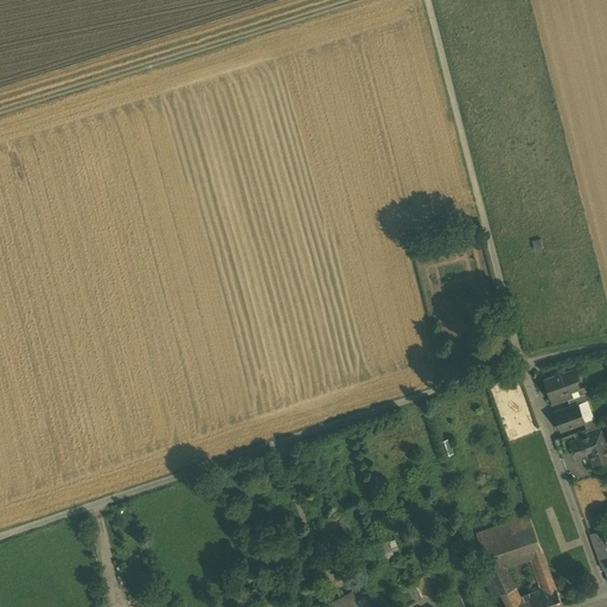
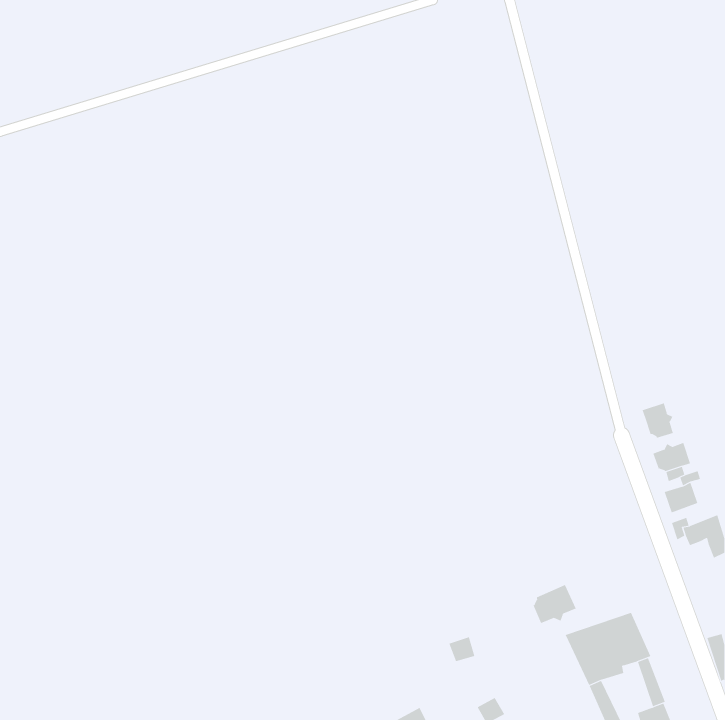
building: none -> [642,403,673,438]
building: none -> [533,584,576,624]

